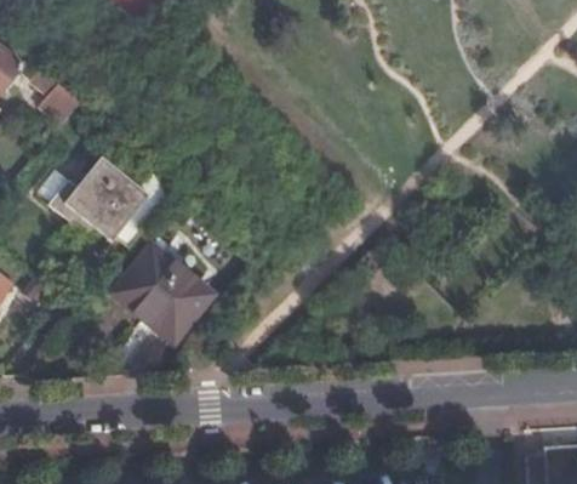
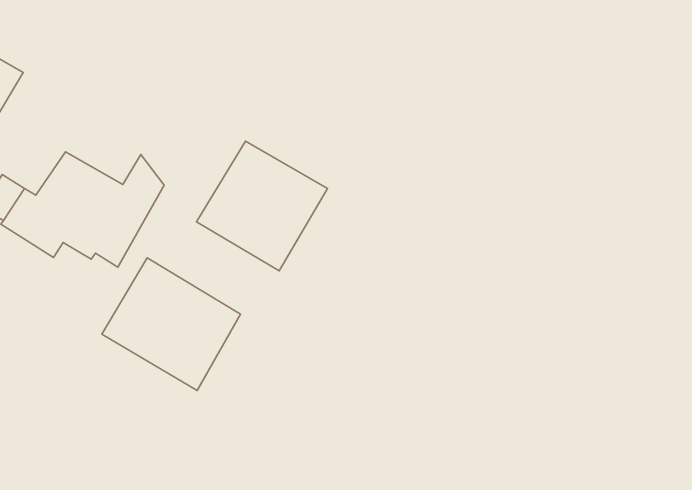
building: none -> [197,141,328,271]

